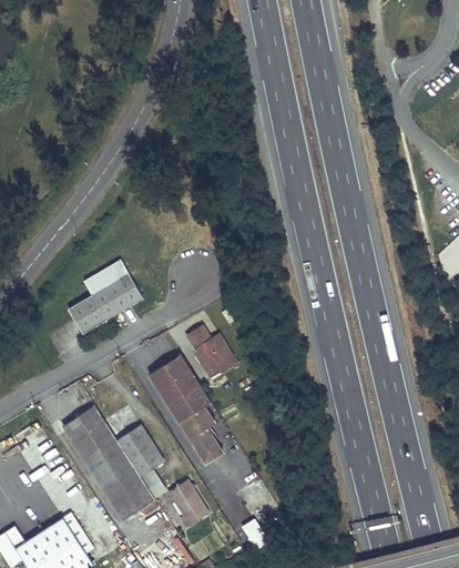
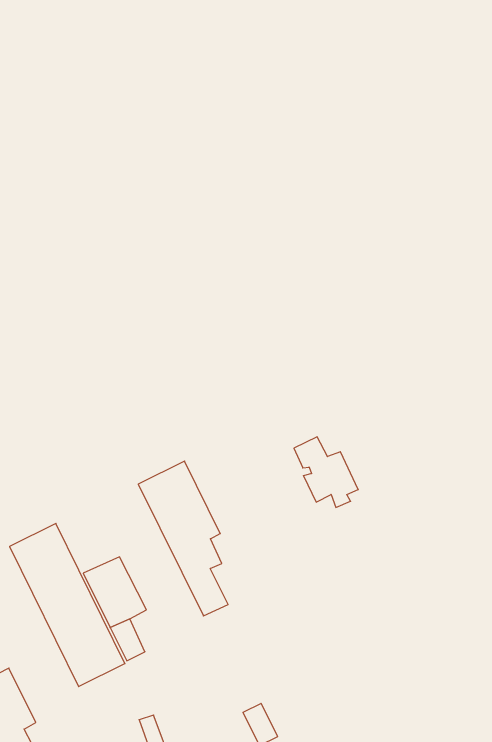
building: [69,258,143,333] -> none
building: [186,325,235,374] -> [294,437,358,507]
building: [169,479,210,528] -> none

